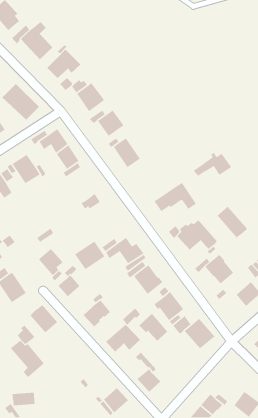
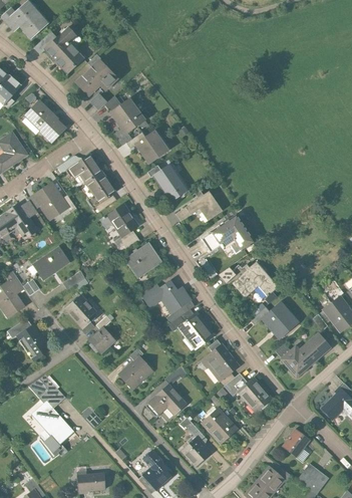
building: [193,152,232,177] -> [175,191,222,220]
building: none -> [100,204,138,237]
building: [216,206,248,238] -> none
building: none -> [32,246,69,279]
building: [74,240,106,270] -> [124,242,161,277]
building: none -> [281,346,311,377]
building: [29,304,58,334] -> none
building: [138,313,168,342] -> [201,408,236,442]
building: none -> [282,428,309,457]
building: [12,392,35,406] -> [77,473,105,490]

